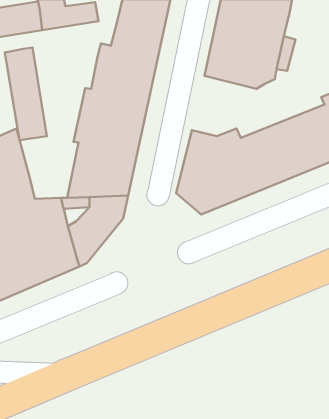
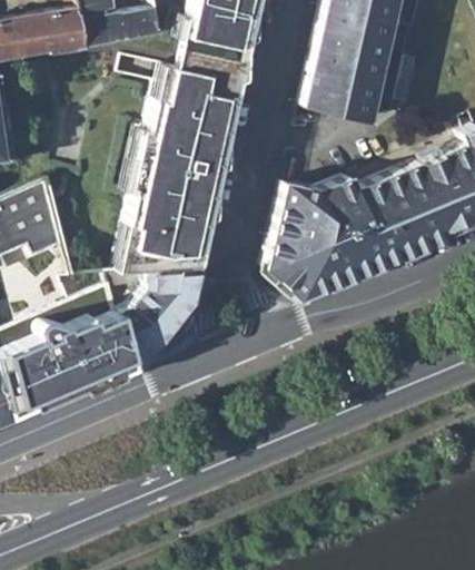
building: [5,48,47,140] -> none

